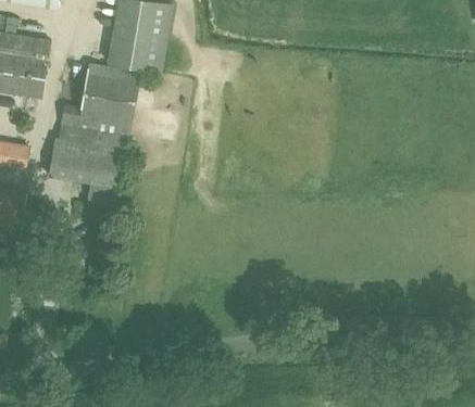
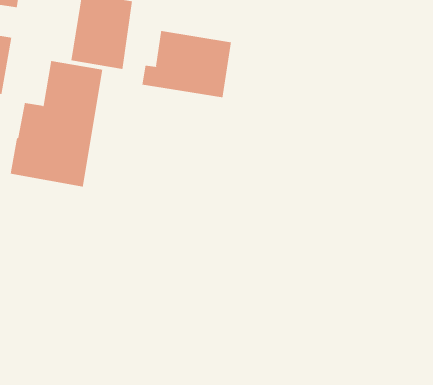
building: none -> [142,30,231,98]

